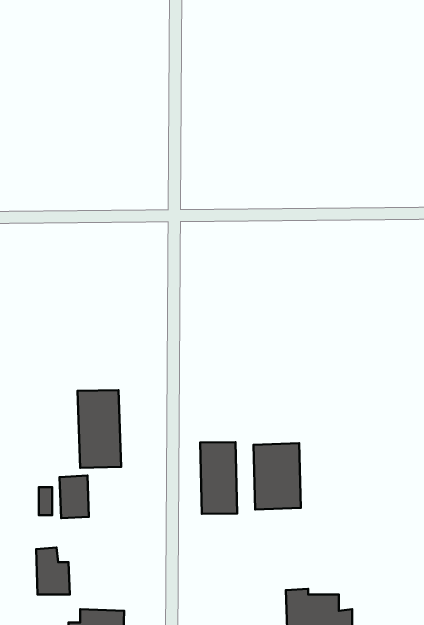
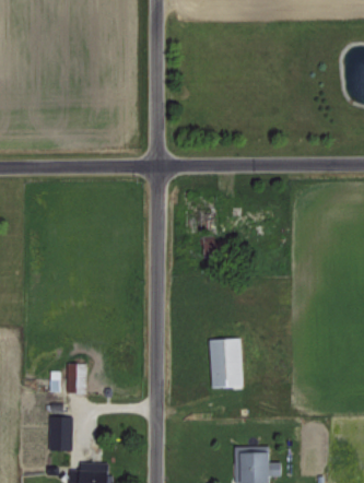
building: [77,390,121,468] -> none
building: [200,442,237,514] -> none

